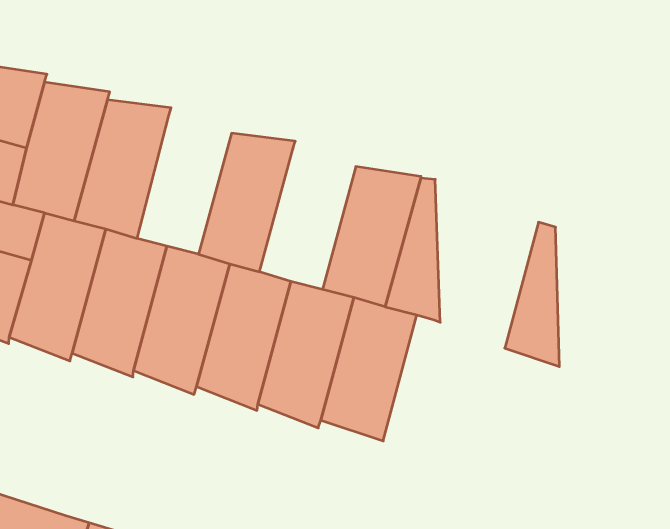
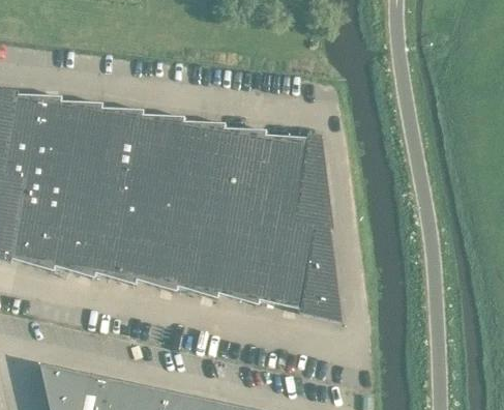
building: none -> [127,114,182,201]
building: none -> [208,127,264,215]
building: [505,222,559,367] -> [298,226,334,317]

